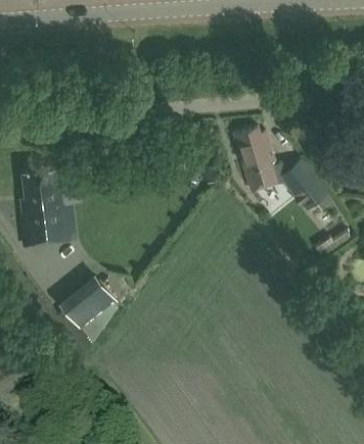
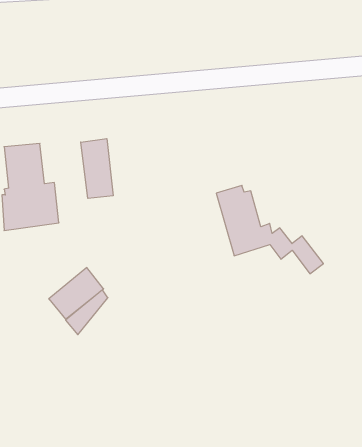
building: [234,126,332,206] -> [216,185,323,274]
building: none -> [81,139,113,198]

